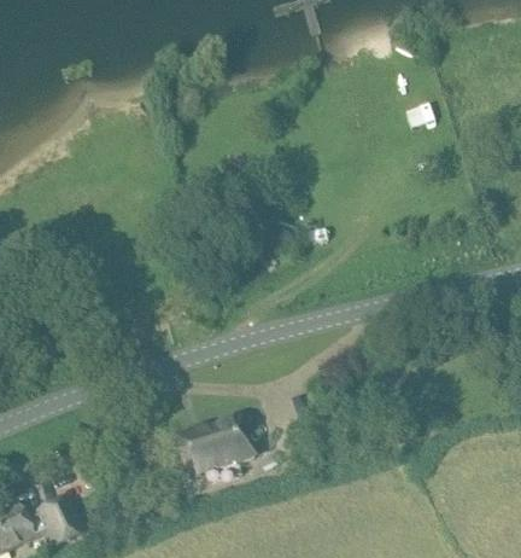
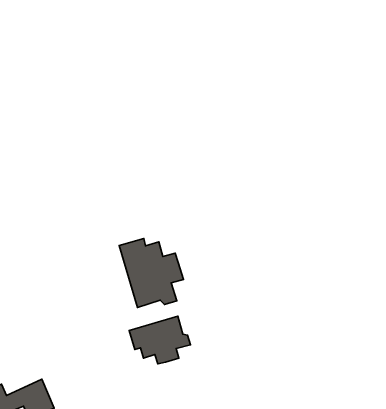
building: none -> [119,238,183,307]

